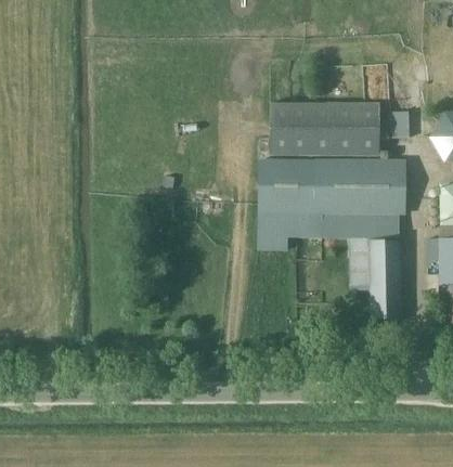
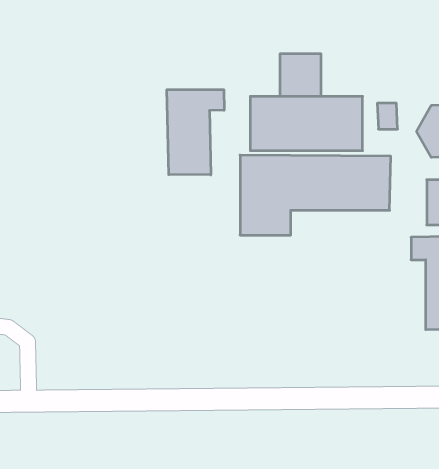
building: none -> [280,54,321,96]
building: none -> [167,90,224,175]
building: [320,213,400,322] -> none

